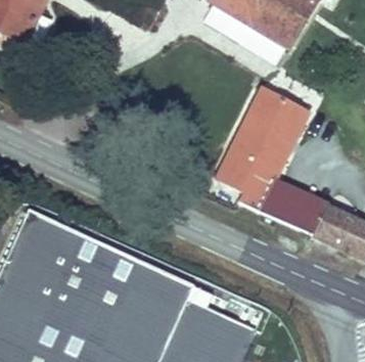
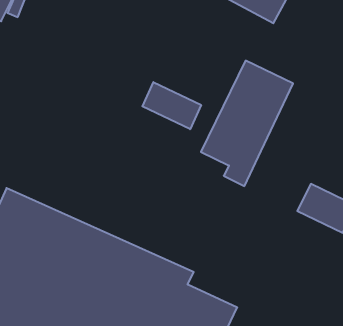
building: none -> [142,82,201,129]
building: [263,177,331,236] -> none

